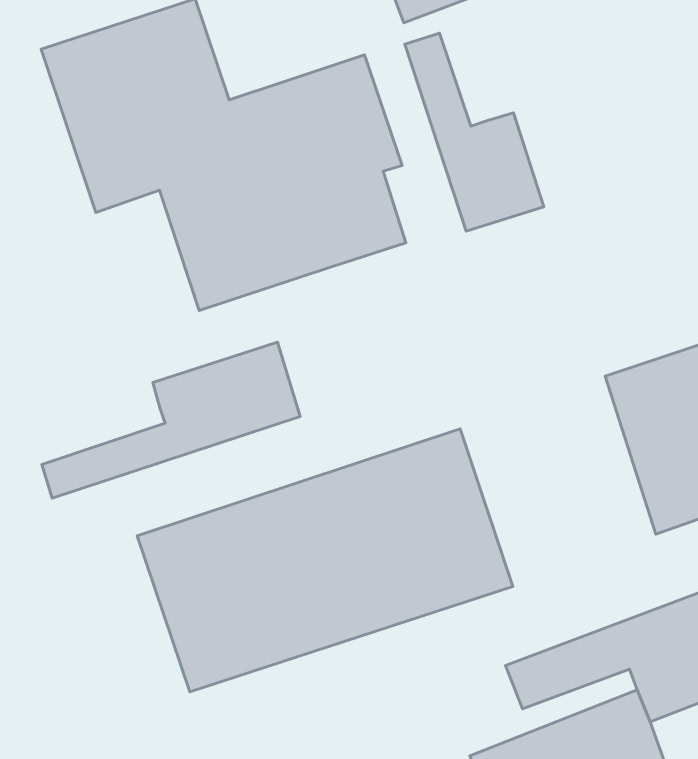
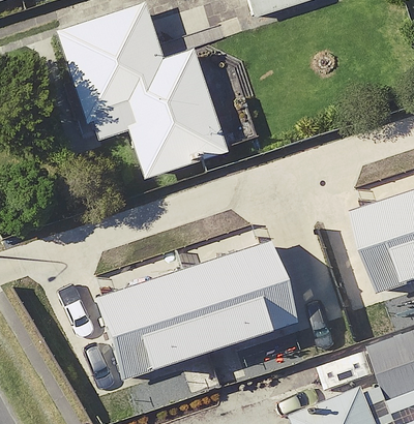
building: [405,33,544,231] -> none
building: [42,342,300,498] -> none

